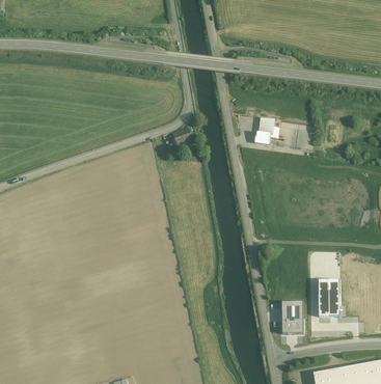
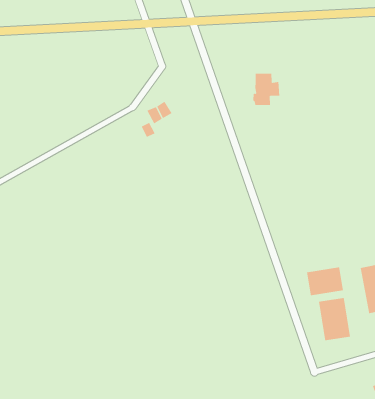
building: none -> [307,267,343,296]

